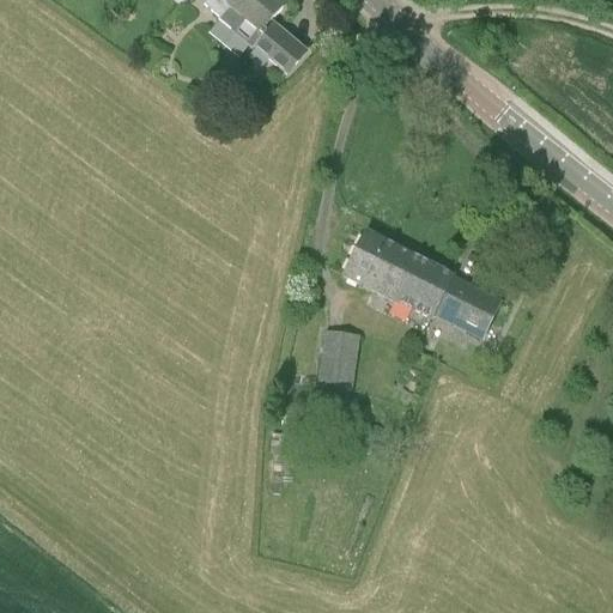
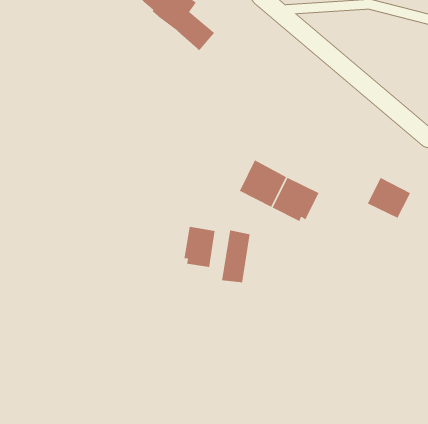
building: [437,277,500,336] -> [367,177,411,219]
building: none -> [183,226,216,268]

